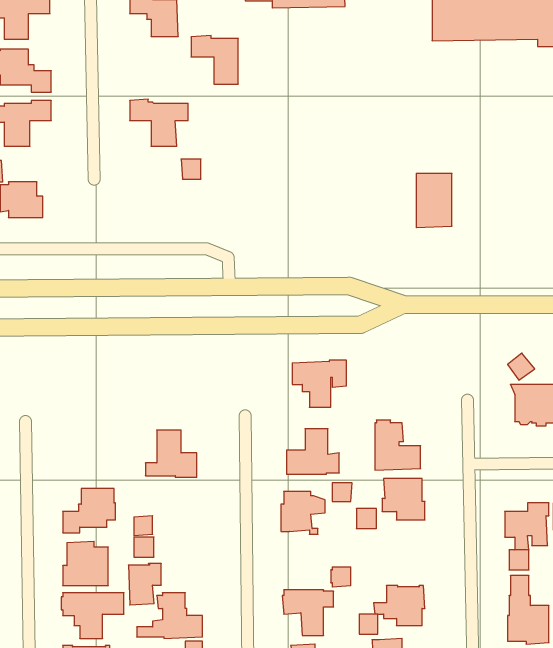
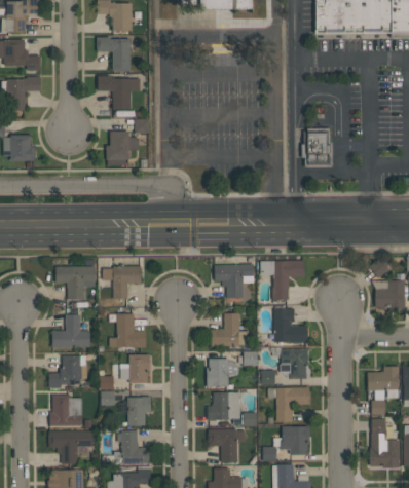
building: [191,36,238,84] -> [97,36,131,71]
building: none -> [107,130,139,165]
building: none -> [55,259,96,299]
building: none -> [260,260,304,299]
building: none -> [103,265,142,298]
building: none -> [52,314,90,347]
building: none -> [120,353,150,382]
building: none -> [268,387,309,421]
building: none -> [208,391,240,419]
building: [128,564,161,605] -> [127,396,151,425]

